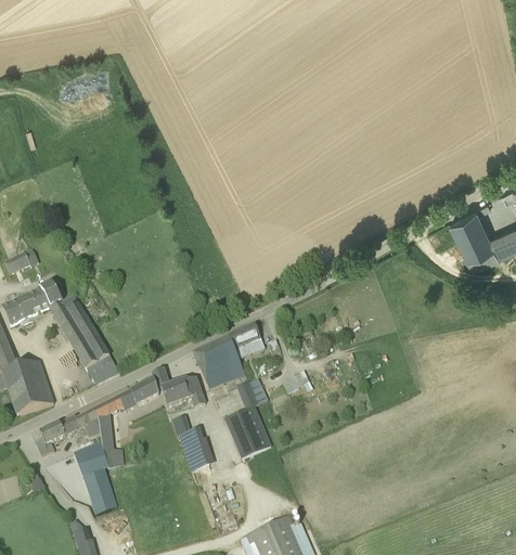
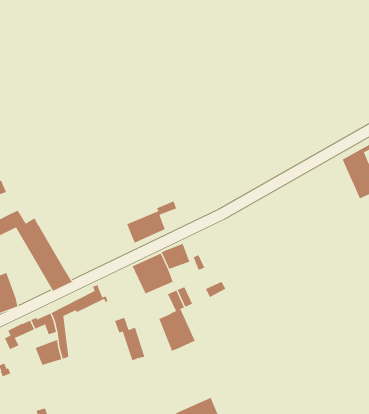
building: none -> [127,201,177,244]
building: [151,369,206,406] -> none
building: [82,469,117,514] -> none

